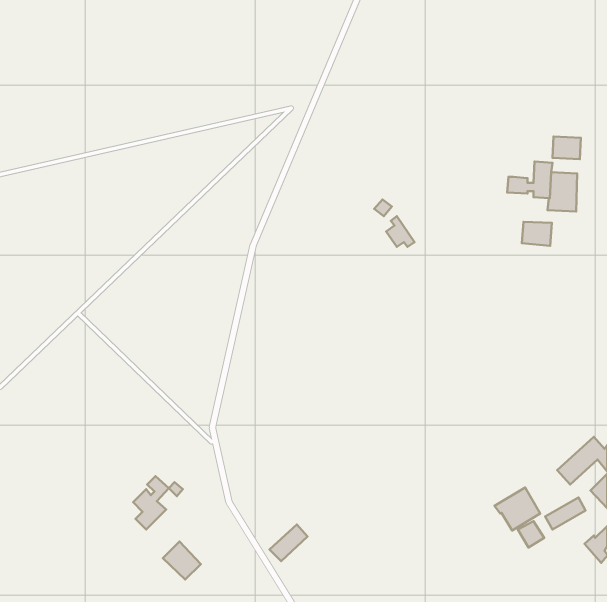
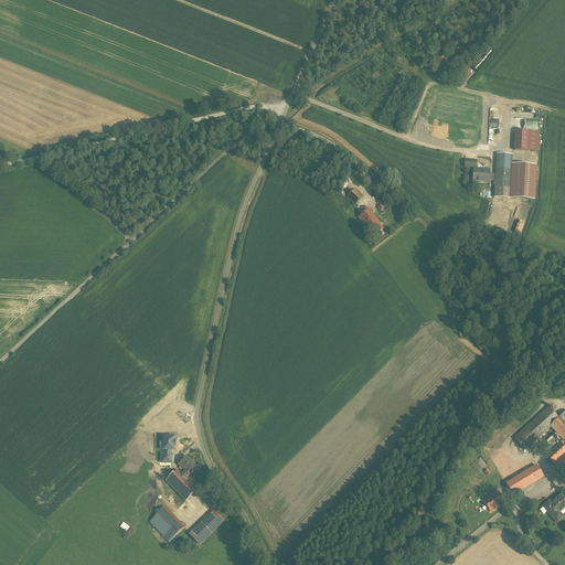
building: [522,222,552,246] -> none
building: [133,476,169,530] -> [168,455,201,504]
building: [494,488,540,531] -> none
building: [269,525,307,561] -> [190,507,225,541]

